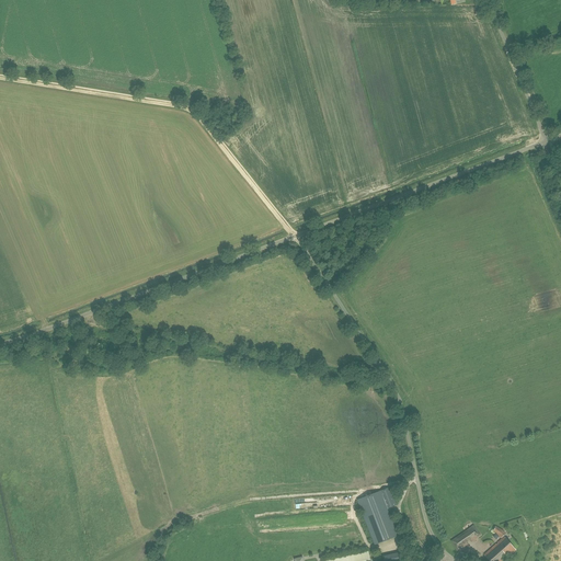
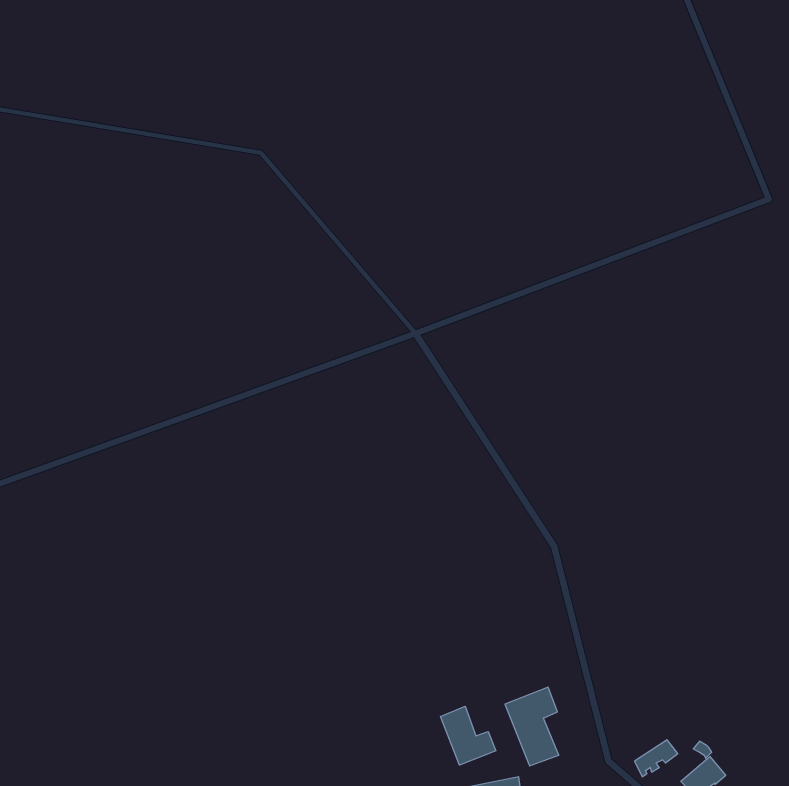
building: none -> [441,706,496,765]

